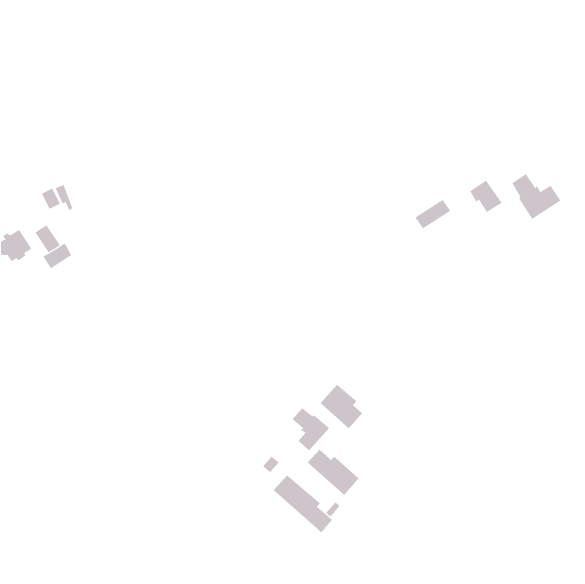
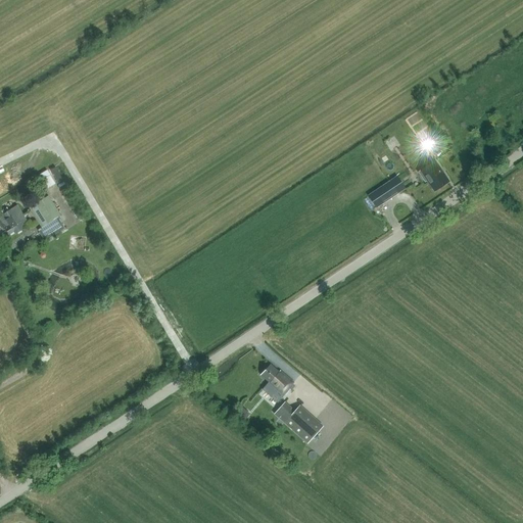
building: [512,173,561,220] -> none
building: [320,384,363,429] -> none
building: [273,474,333,533] -> none

